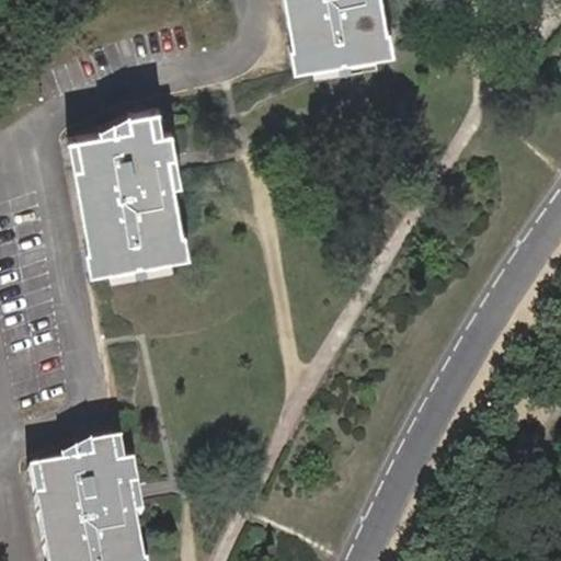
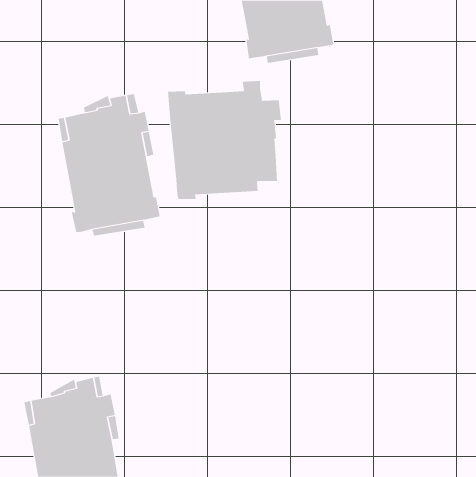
building: none -> [168,80,282,200]

